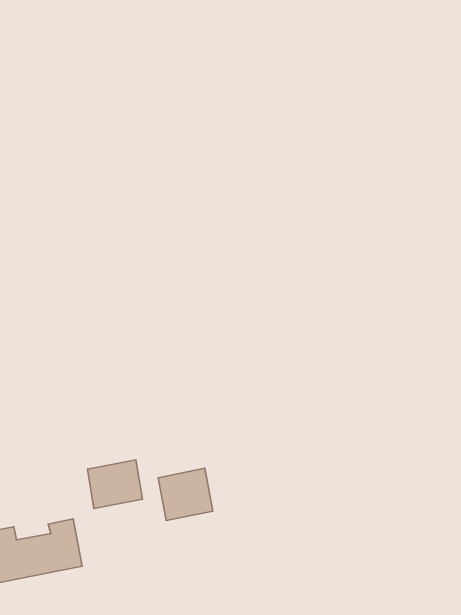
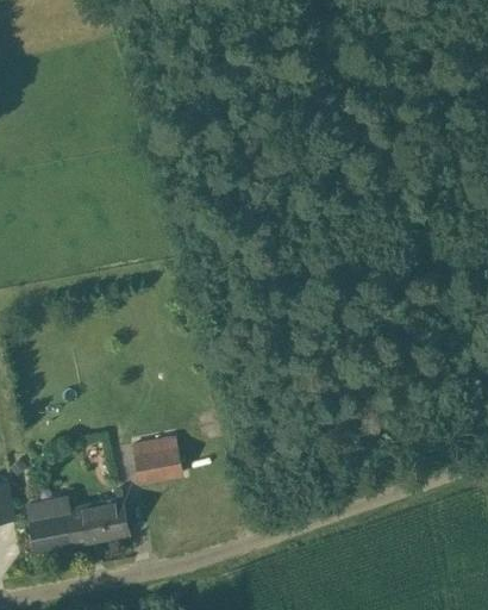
building: [158,468,213,521] -> none

